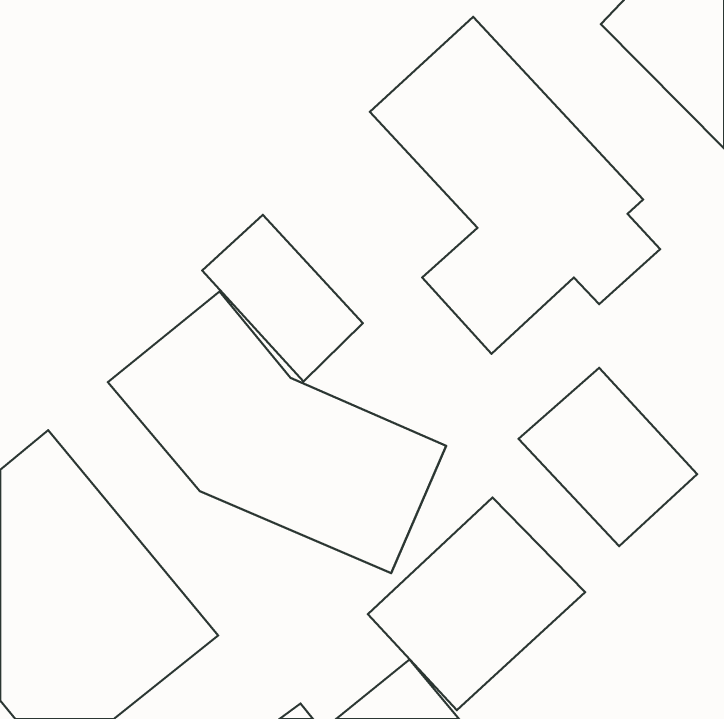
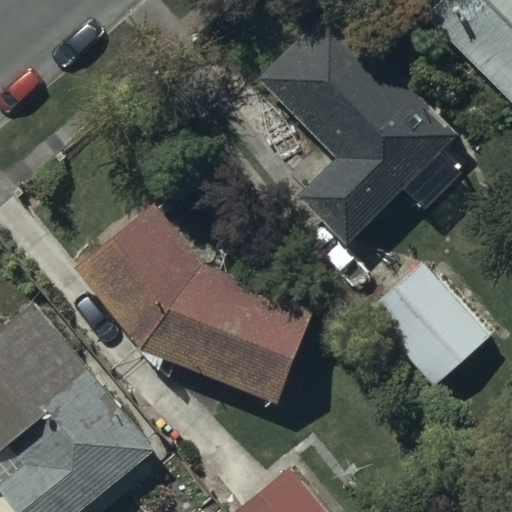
building: [202,215,363,381] -> none
building: [368,498,585,710] -> none

